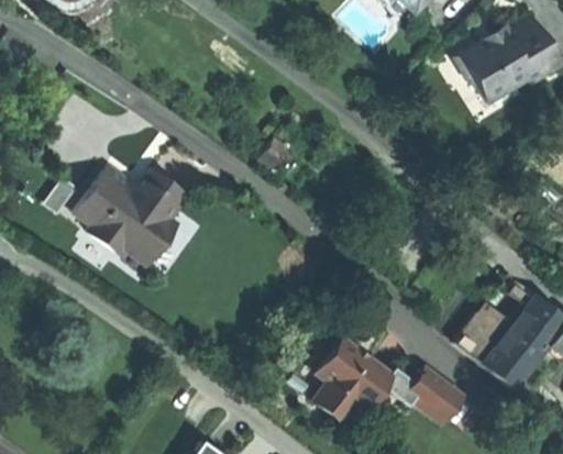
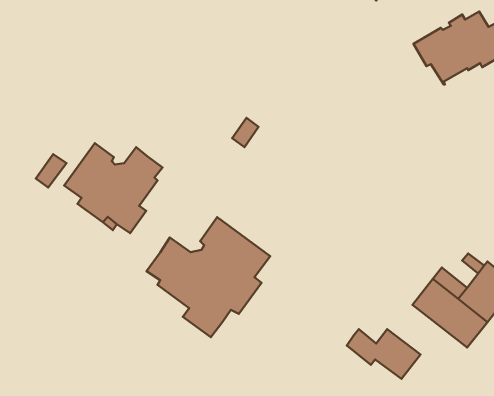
building: none -> [146,217,270,337]
building: [316,340,391,420] -> none

